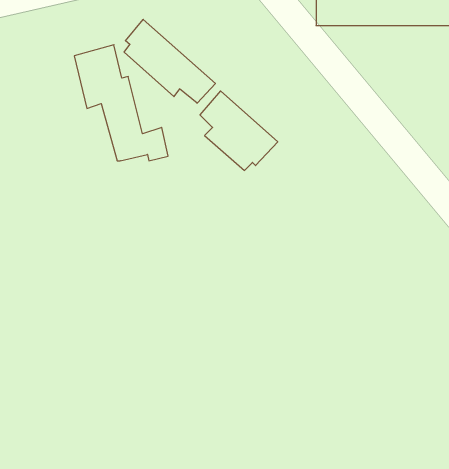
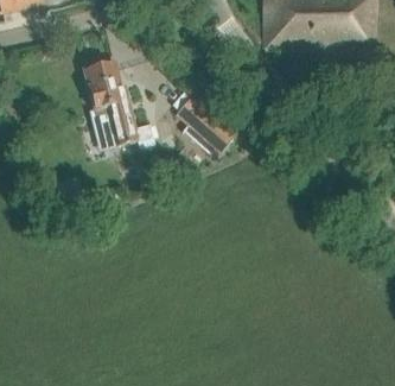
building: [124,19,215,103] -> none

